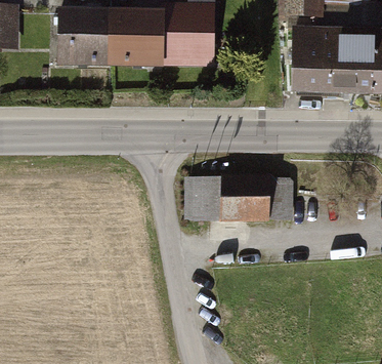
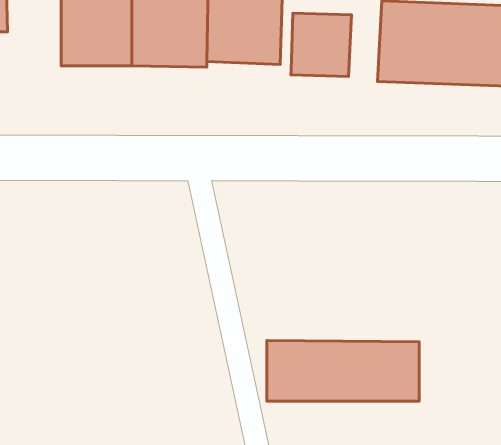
building: none -> [291,13,351,77]
building: [185,174,296,218] -> [267,341,419,401]

